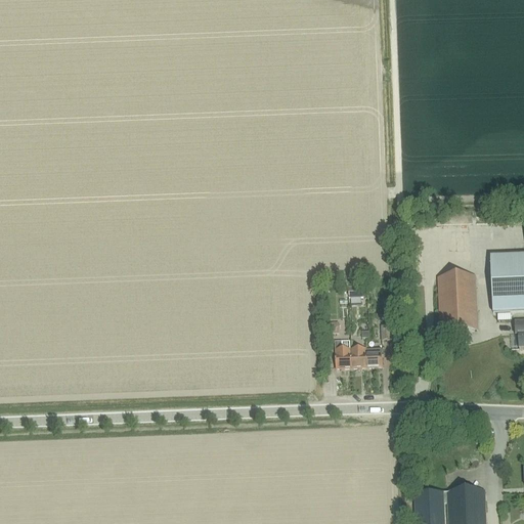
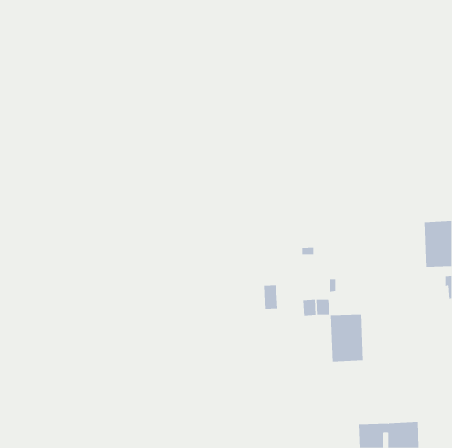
building: [438,273,477,329] -> [330,314,364,362]
building: [335,338,351,366] -> [264,285,278,310]

